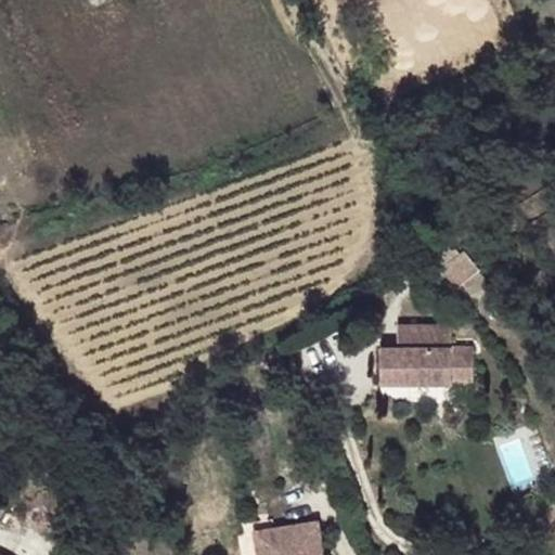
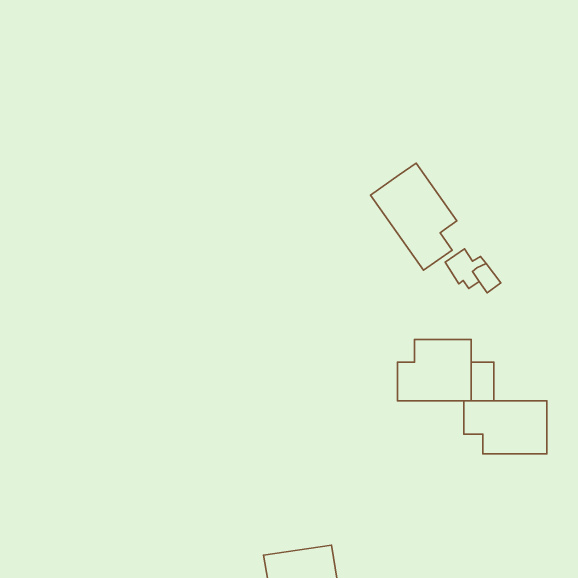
building: none -> [371,163,457,270]
building: none -> [464,401,547,454]

